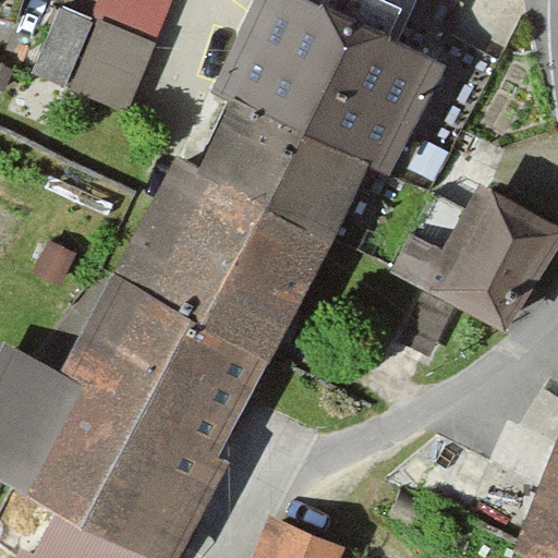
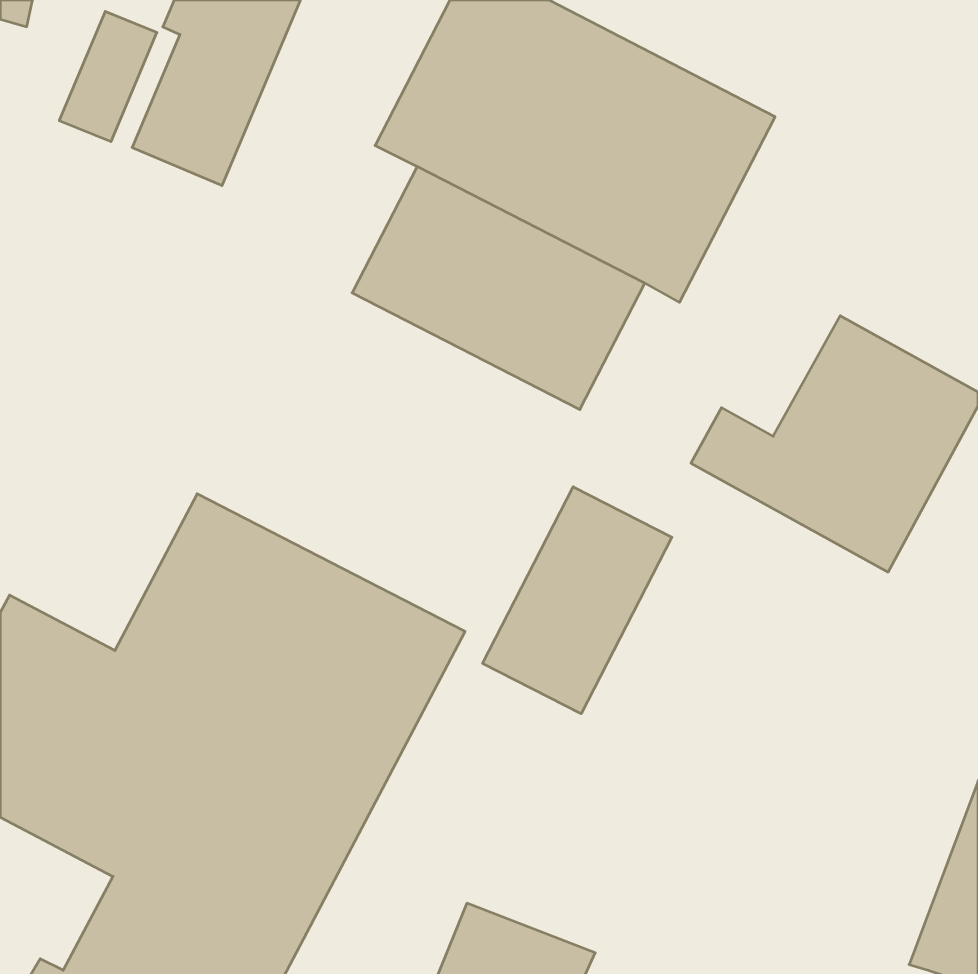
building: [112,157,330,362] -> none
building: none -> [483,487,672,714]

